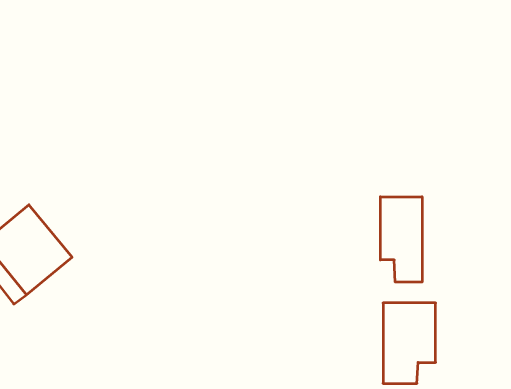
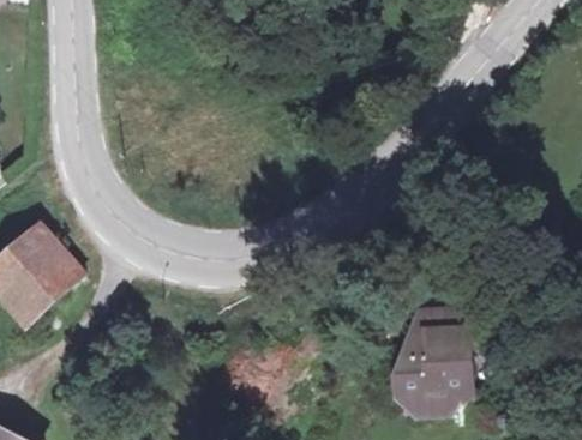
building: [380,197,422,282] -> none

